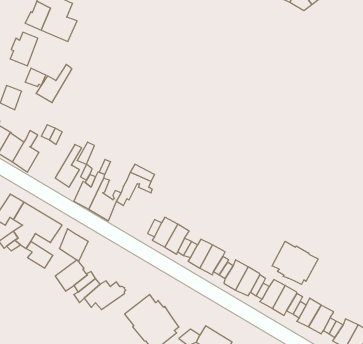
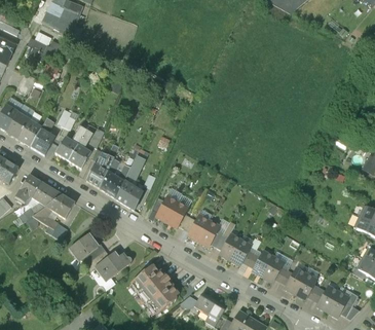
building: [36,64,72,103] -> [54,126,86,160]
building: [59,229,88,261] -> [116,181,142,210]
building: [272,241,318,284] -> none

